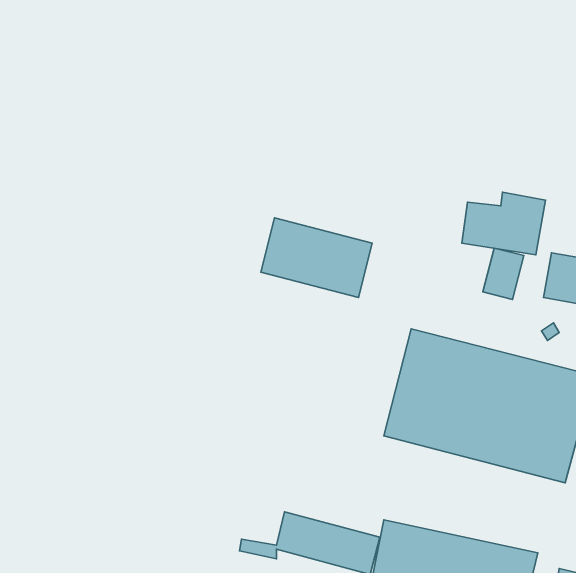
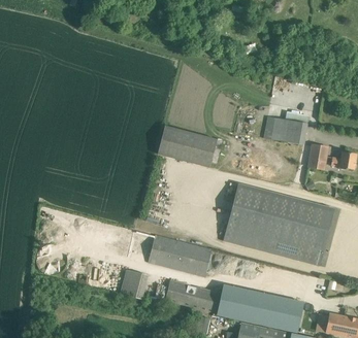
building: [483,248,524,299] -> none
building: none -> [149,235,213,277]
building: none -> [122,270,149,299]

